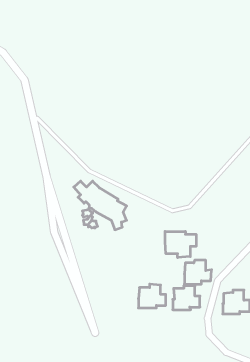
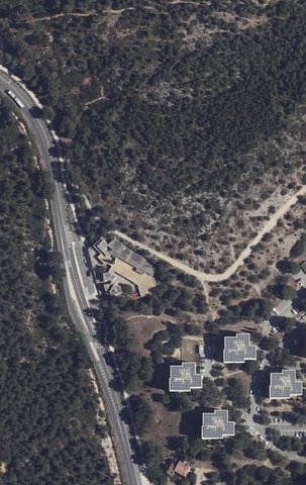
building: [165,231,196,258] -> none
building: [173,286,200,310] -> [202,409,234,438]

